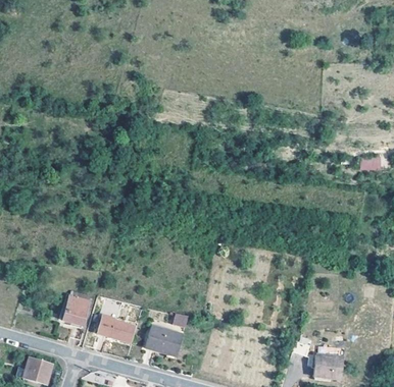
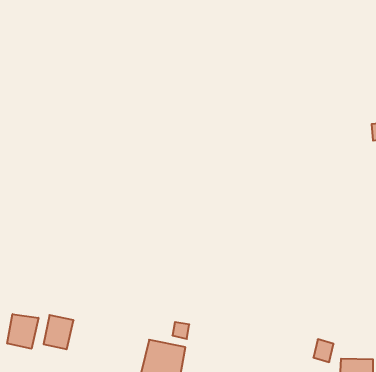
building: none -> [7,314,38,349]
building: [98,315,135,343] -> none

